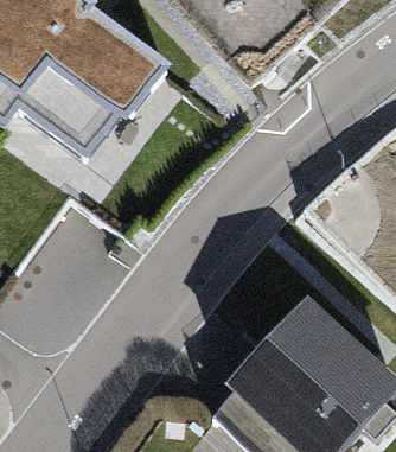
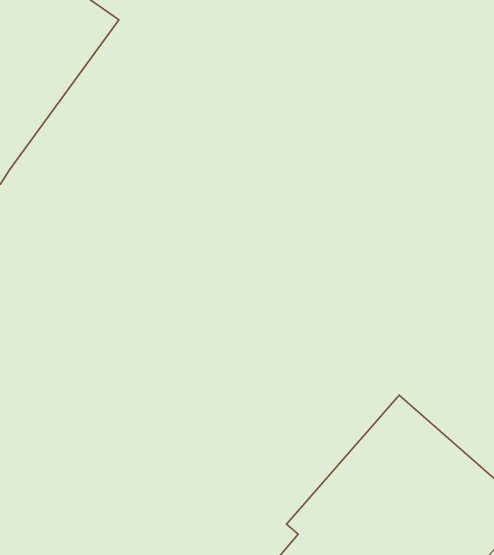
building: [21,23,173,174] -> none

